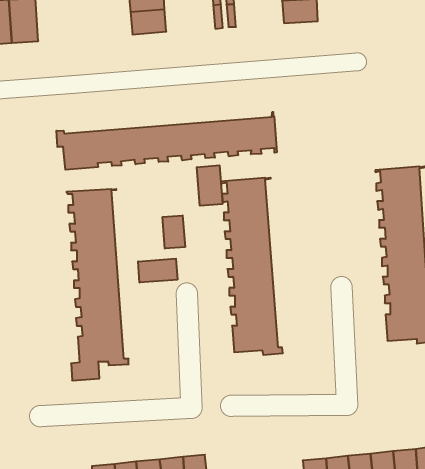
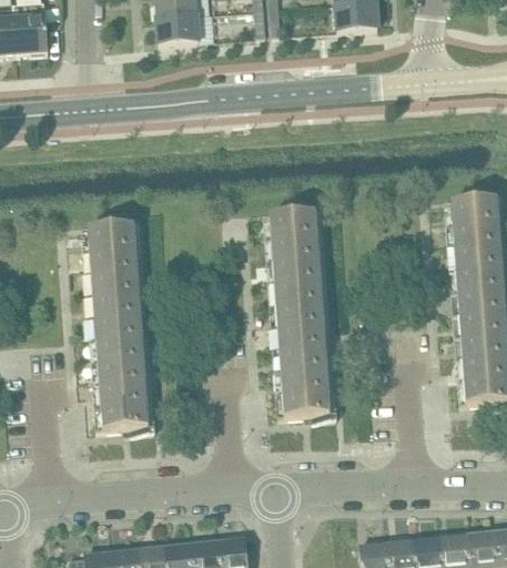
building: [56,112,277,170] -> none
building: [197,165,222,206] -> none
building: [163,215,185,249] -> none
building: [138,259,177,283] -> none

